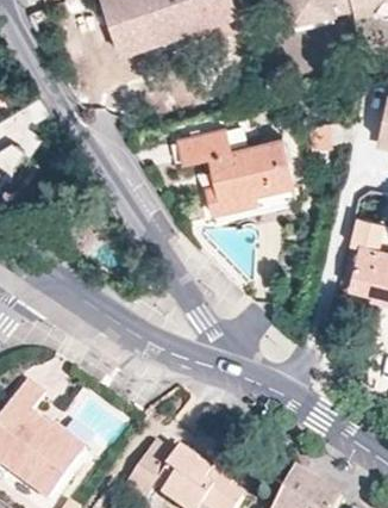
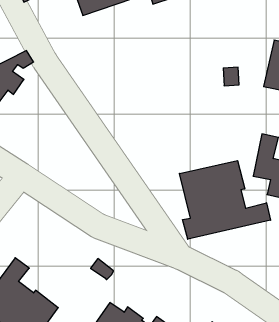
building: [176,126,295,212] -> none
building: none -> [179,161,271,239]

